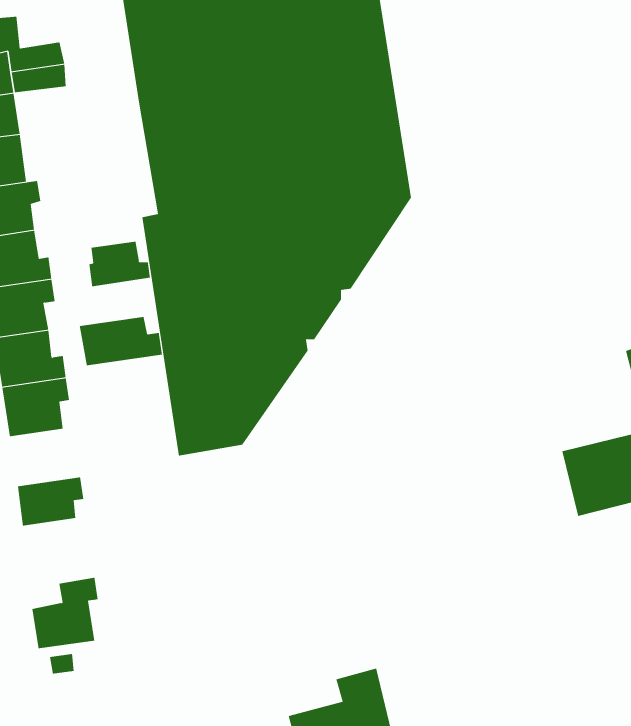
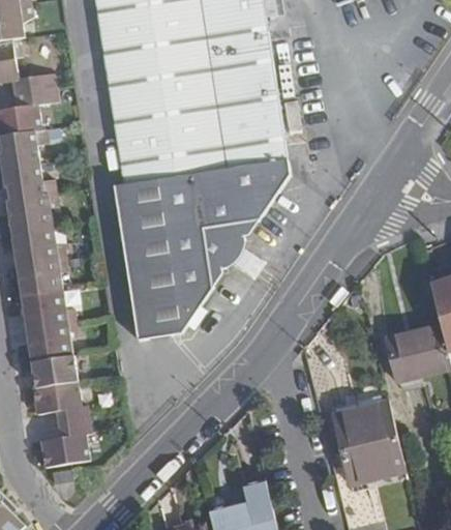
building: [89,241,151,287] -> none
building: [79,316,163,366] -> none
building: none -> [27,324,73,361]
building: none -> [33,382,83,424]
building: none -> [334,401,403,483]

